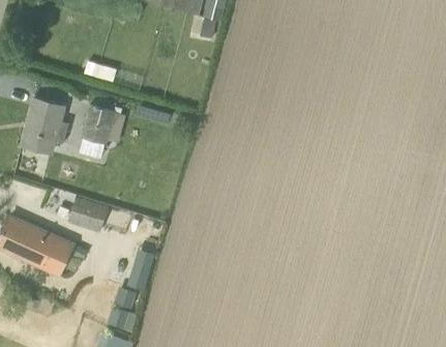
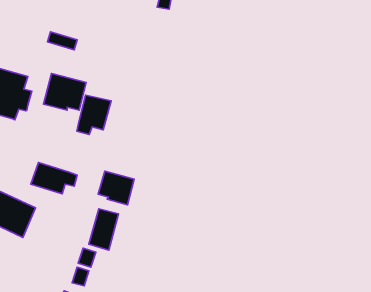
building: none -> [77,95,111,135]
building: none -> [98,171,134,205]

